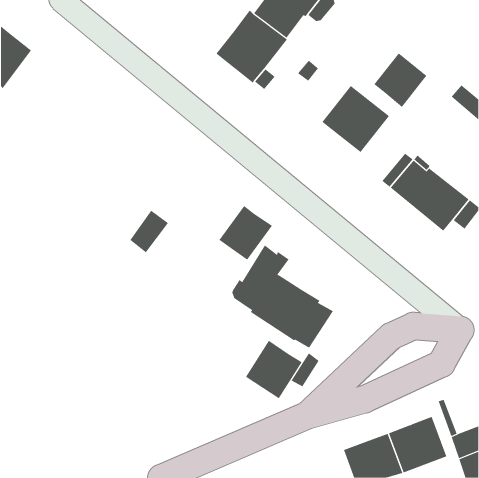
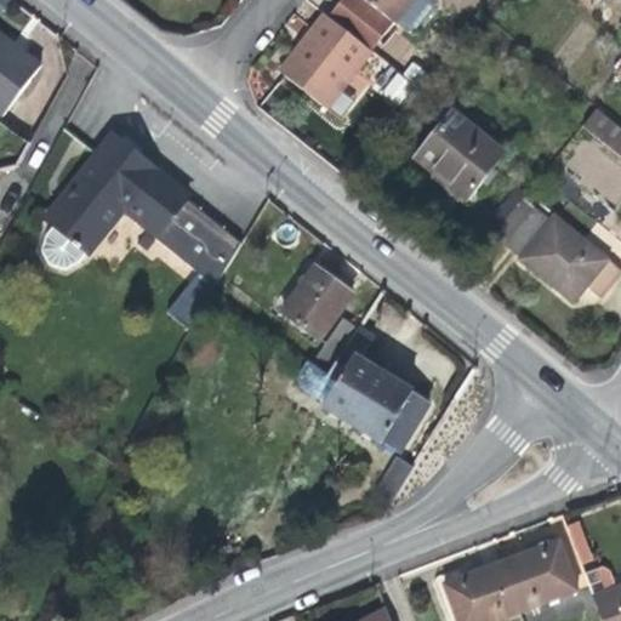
building: [374,53,427,108] -> none
building: none -> [42,133,239,283]
building: [245,340,302,399] -> none

